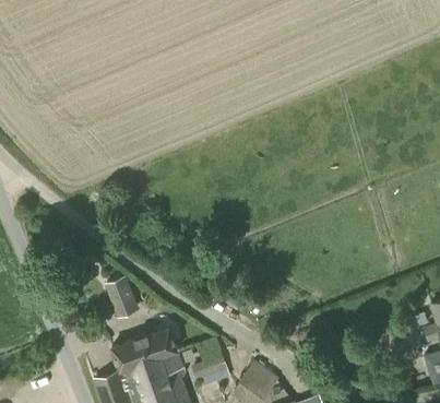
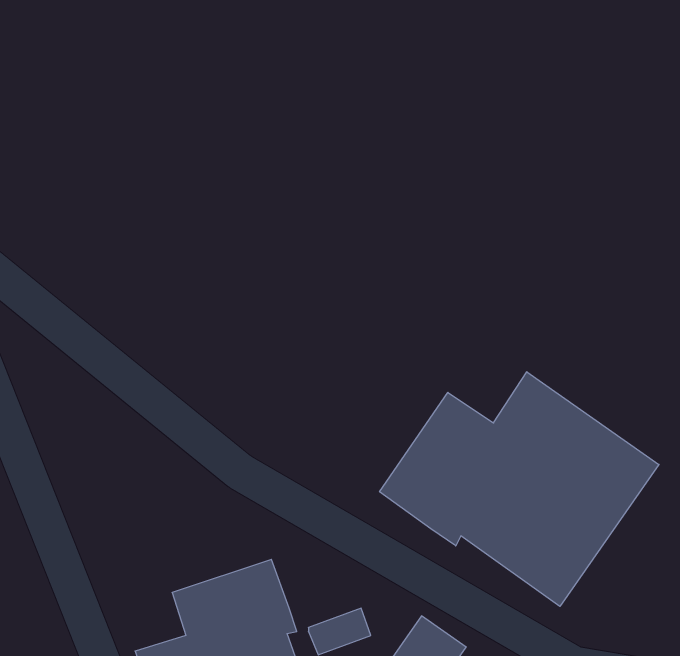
building: none -> [380,372,659,606]
building: [106,276,140,318] -> none

